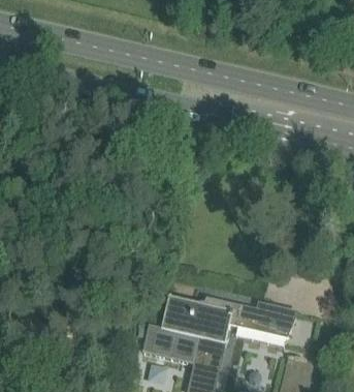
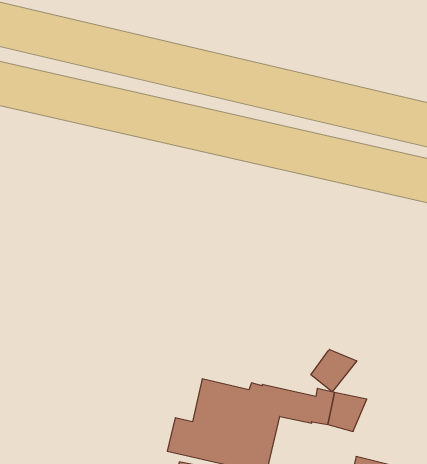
building: none -> [311,349,357,392]

